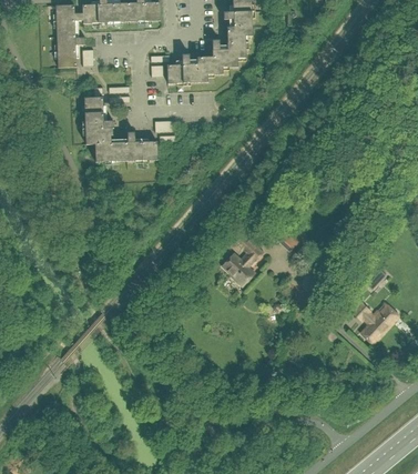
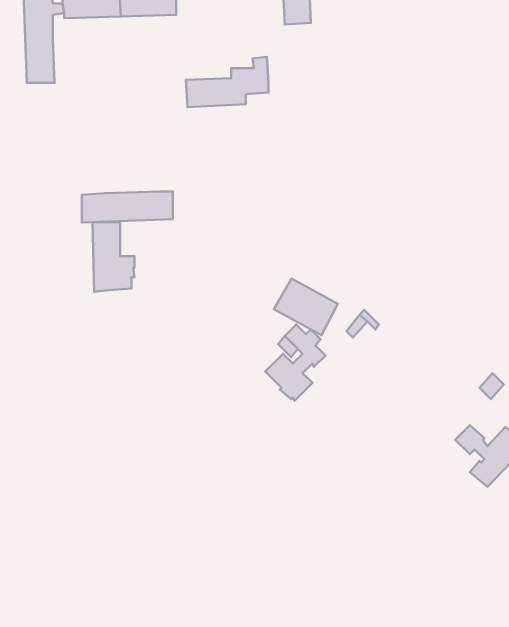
building: [222,26,253,67] -> none
building: [84,97,113,144] -> [92,222,135,292]
building: none -> [274,278,338,335]

